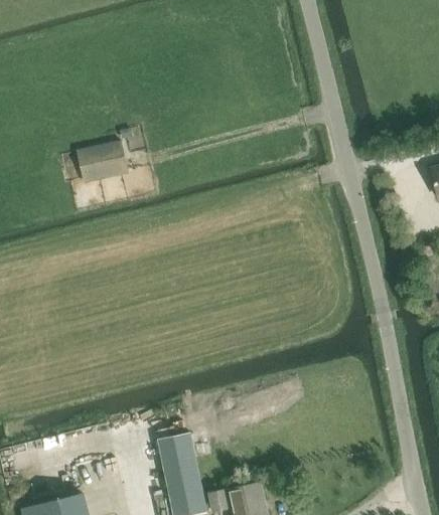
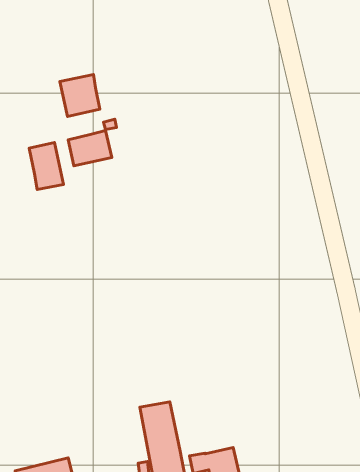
building: none -> [60,75,100,116]
building: none -> [29,142,64,190]

